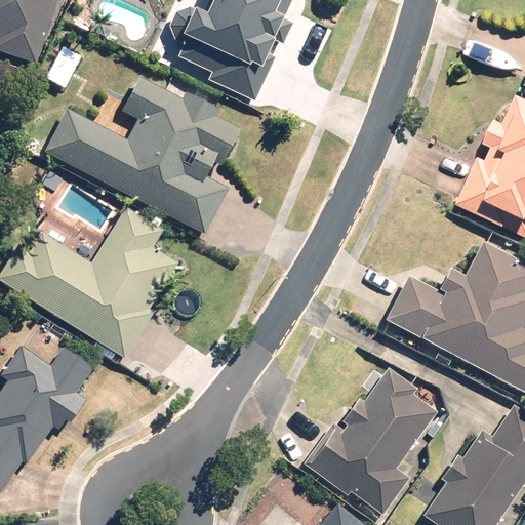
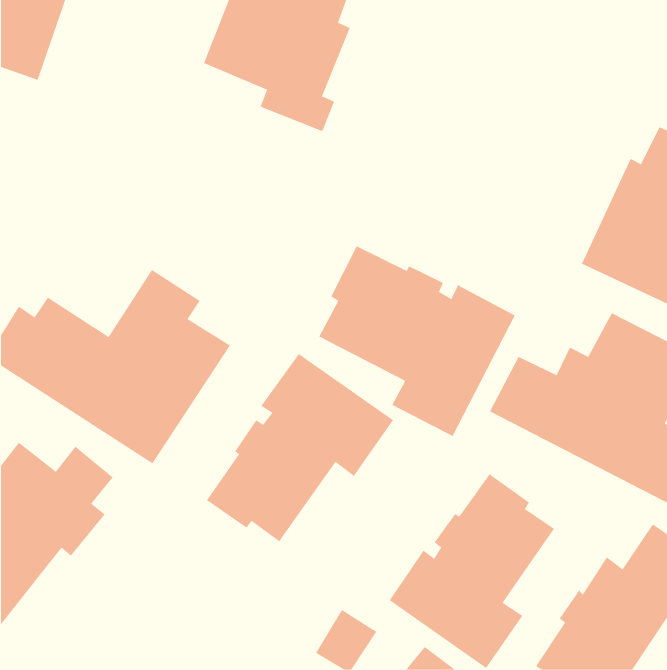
building: [46,79,238,233] -> none
building: none -> [319,245,515,437]
building: none -> [206,353,394,542]

